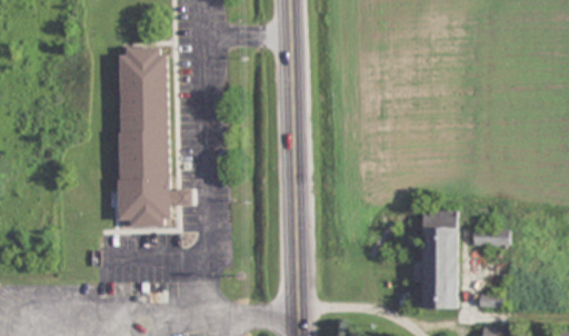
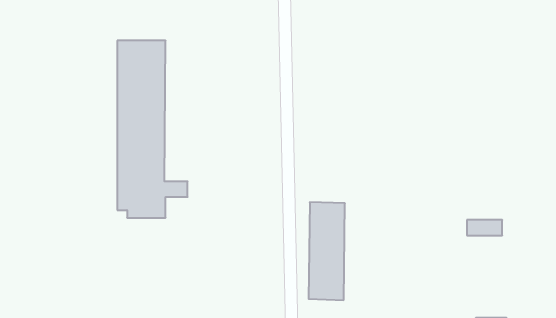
building: [421,209,458,308] -> [309,202,345,300]

